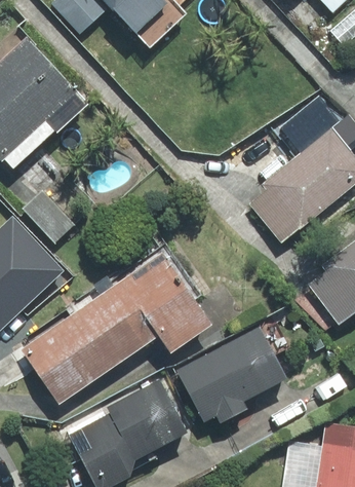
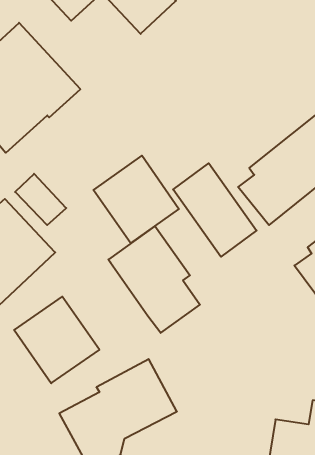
building: none -> [173,163,257,257]
building: [70,280,157,370] -> [93,156,179,243]
building: [176,327,286,423] -> none

